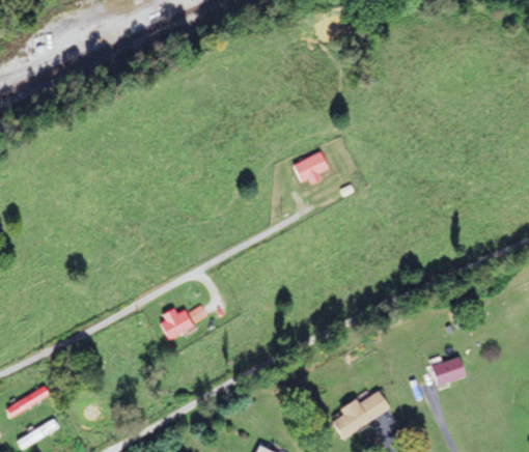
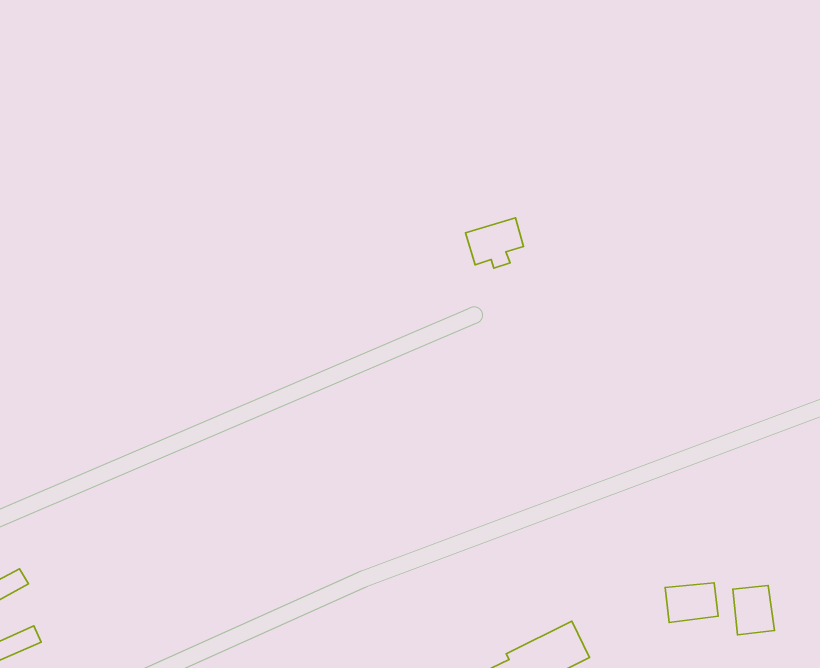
building: [160,309,195,340] -> none
building: none -> [733,585,774,635]

